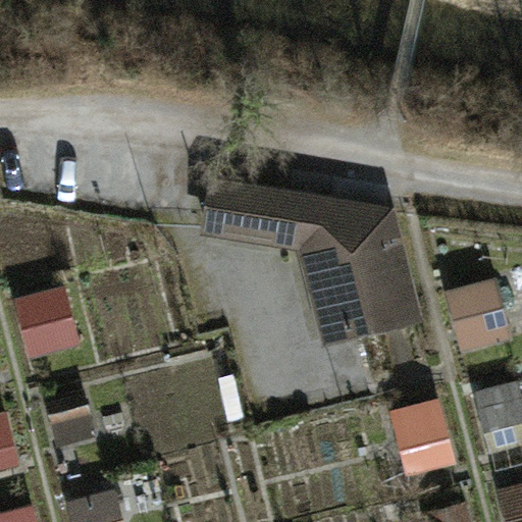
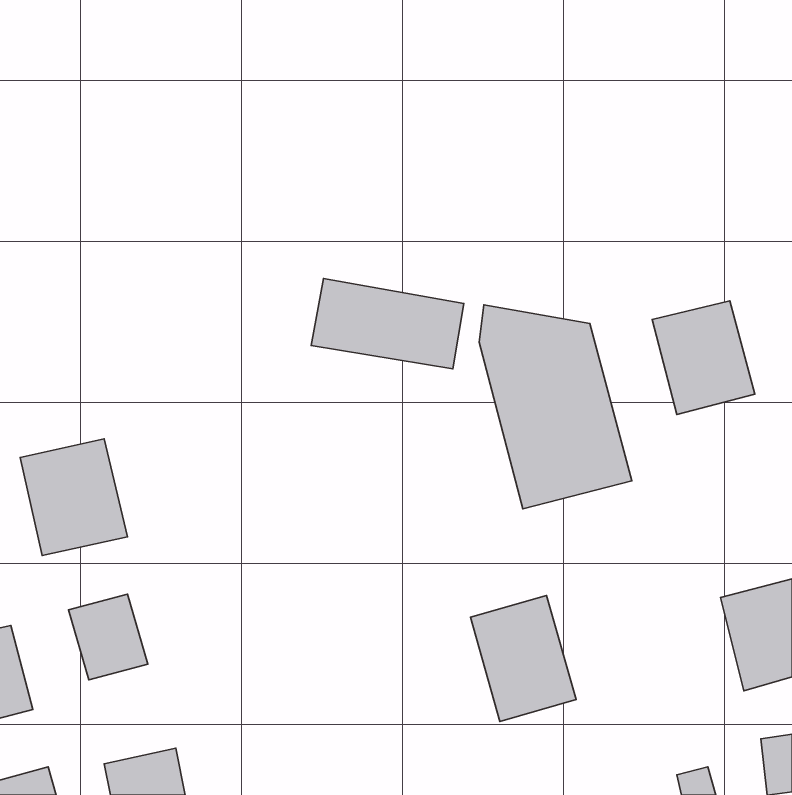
building: [443,279,511,354] -> [652,301,755,414]
building: [388,397,458,479] -> [470,595,576,721]

